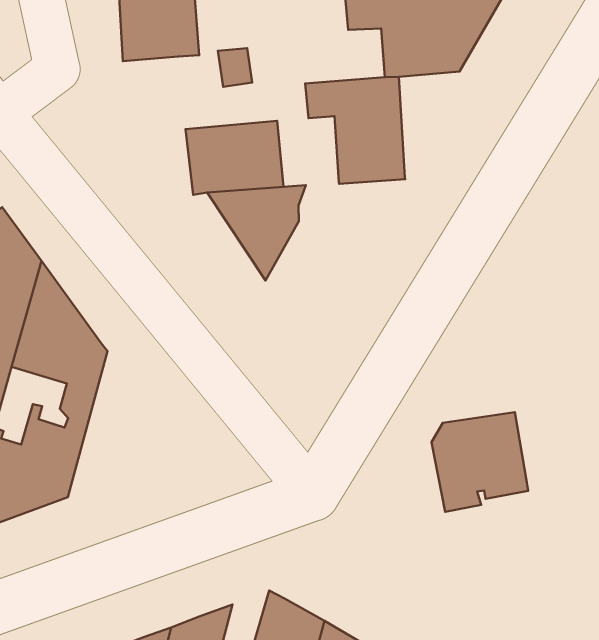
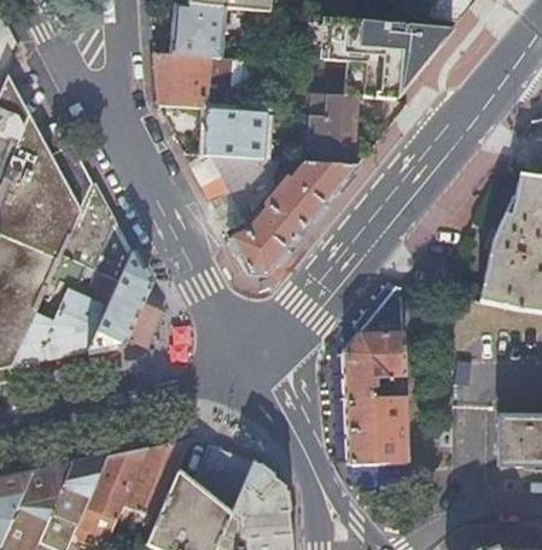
building: none -> [156,54,208,109]
building: none -> [228,160,359,275]
building: none -> [352,282,403,337]
building: none -> [87,253,148,350]
building: none -> [345,397,407,462]

